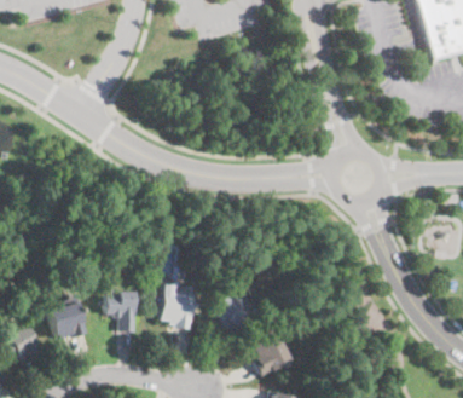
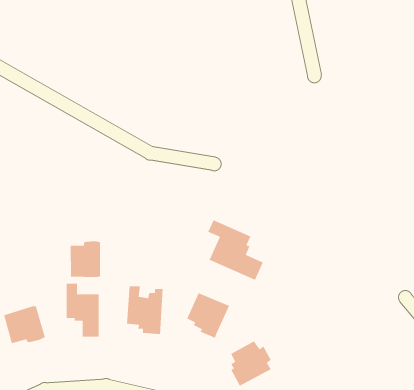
building: none -> [207,219,264,281]
building: none -> [70,241,101,278]

